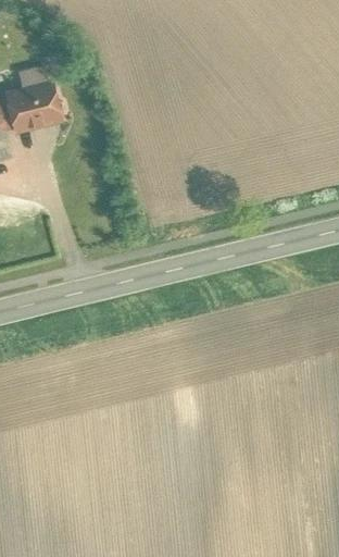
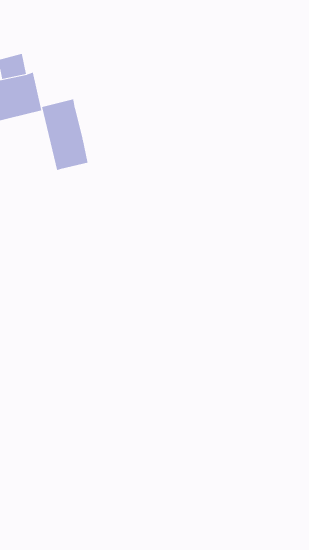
building: none -> [41,98,88,171]

